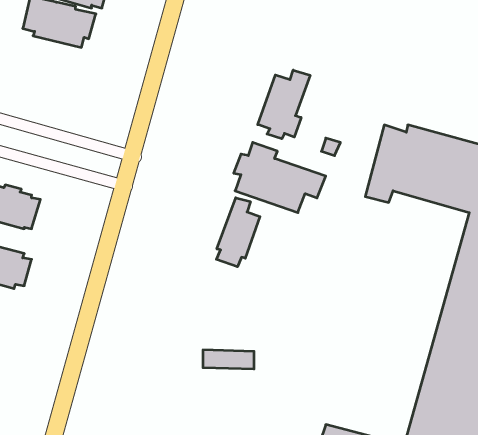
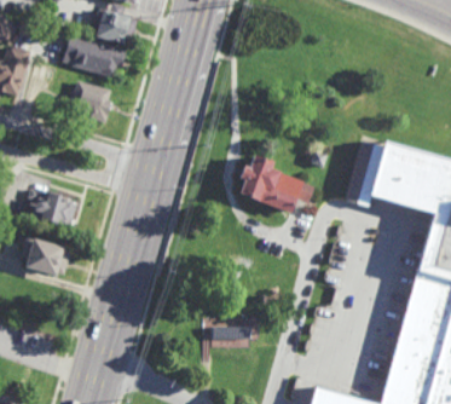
building: none -> [70,81,108,121]
building: [258,70,310,139] -> none
building: [216,198,260,267] -> none

